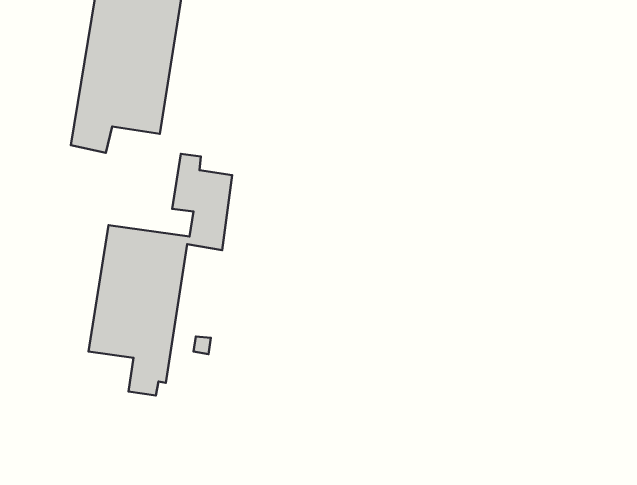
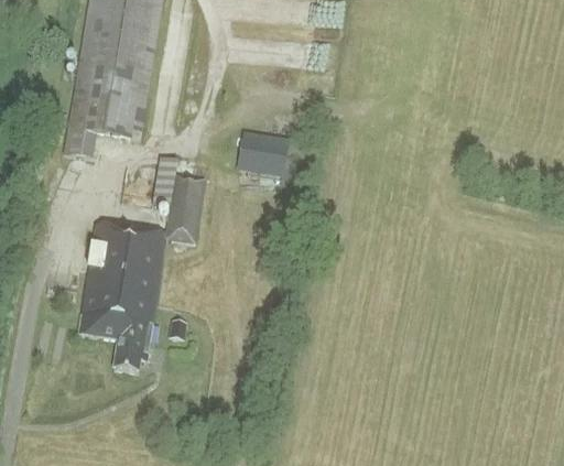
building: none -> [230,129,289,176]

